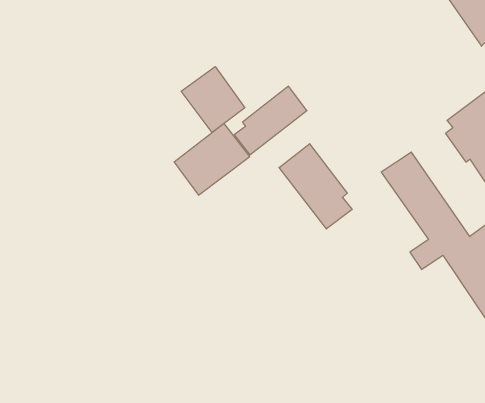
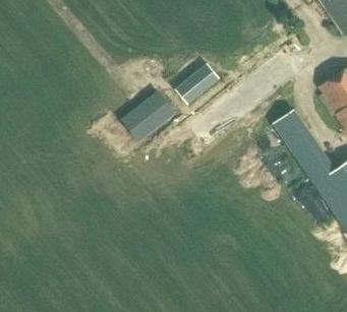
building: [181,67,245,132] -> none
building: [279,144,352,229] -> none

